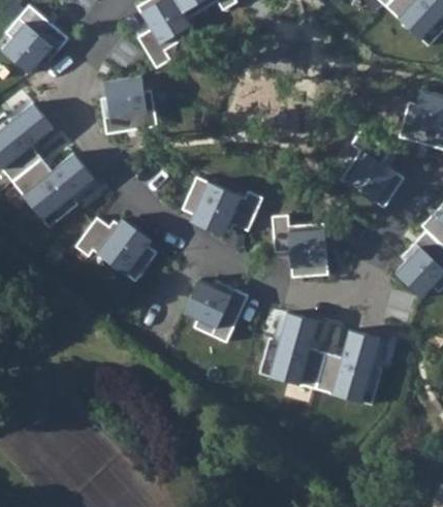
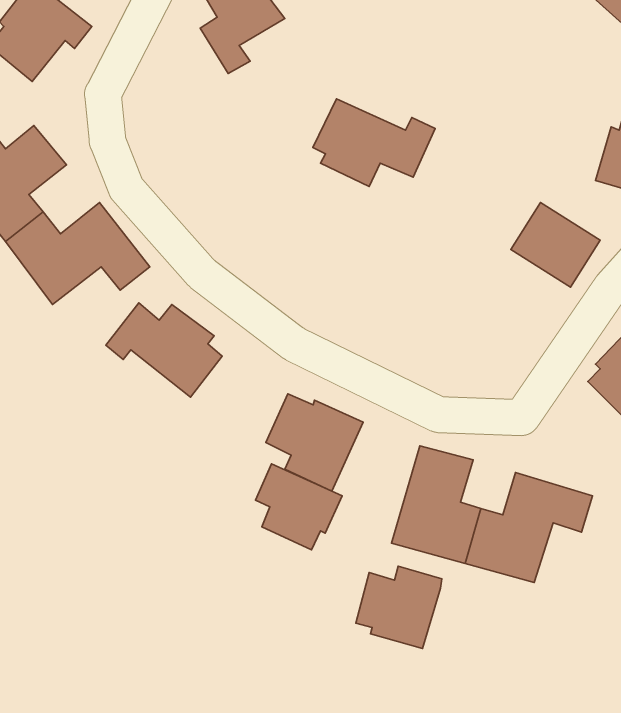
building: [102,75,155,133] -> none
building: [183,178,263,235] -> [313,99,435,187]
building: [273,217,329,280] -> none
building: none -> [255,464,342,550]
building: none -> [356,566,442,649]

